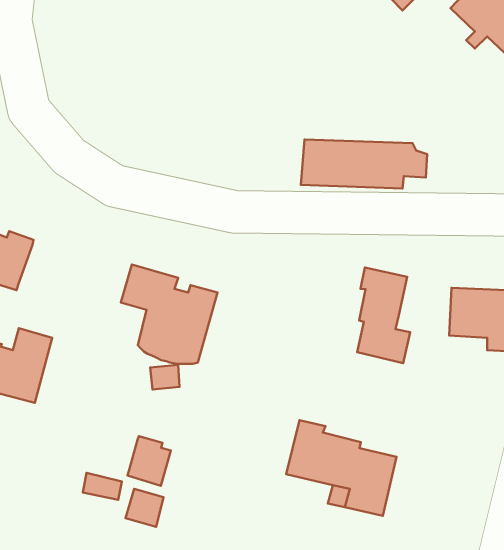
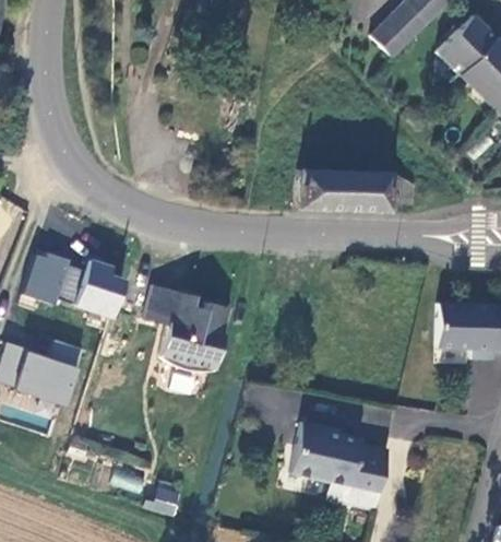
building: none -> [52,258,123,317]
building: [357,268,410,363] -> none
building: [127,436,171,486] -> none

